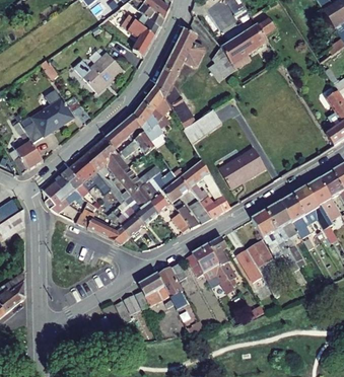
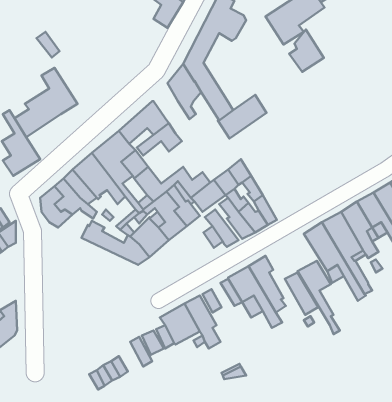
building: [207,48,234,81] -> [289,29,324,72]
building: [81,54,121,92] -> none
building: [132,100,162,140] -> none
building: [218,148,265,187] -> none

